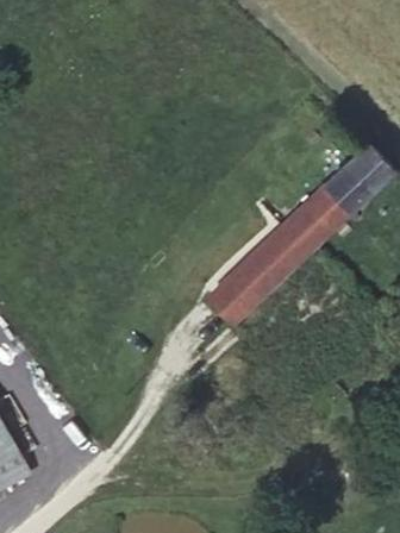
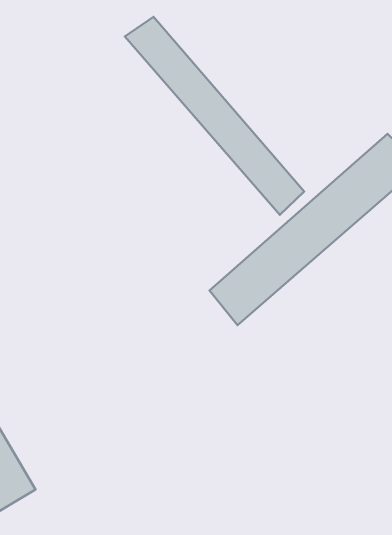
building: none -> [125,17,304,215]

